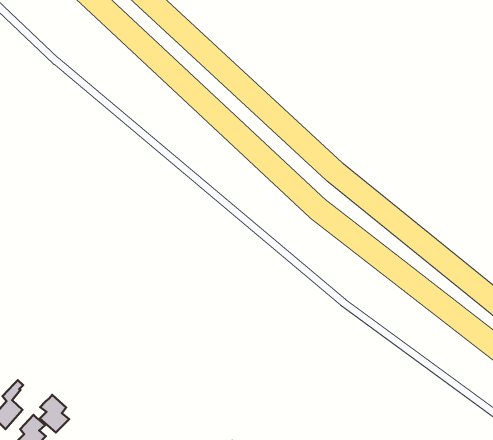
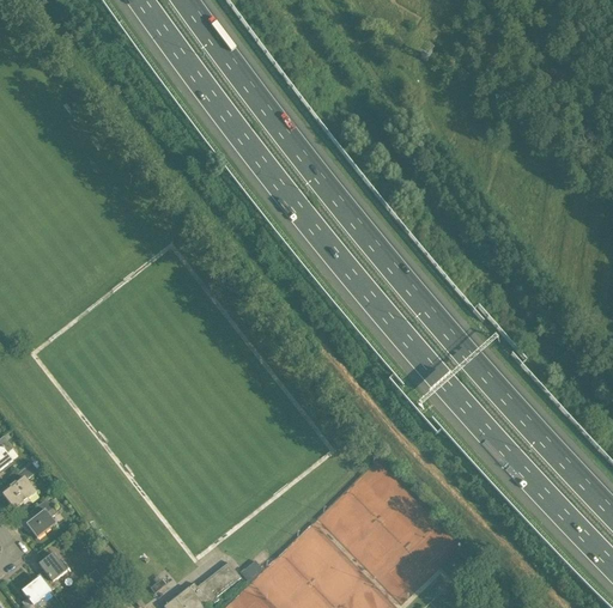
building: [40,395,69,433] -> none

